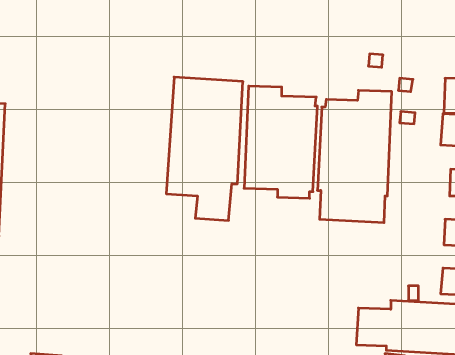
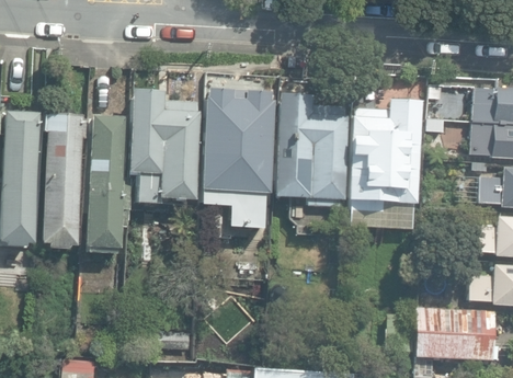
building: none -> [128,90,201,203]
building: none -> [44,113,82,248]
building: none -> [87,115,130,253]

